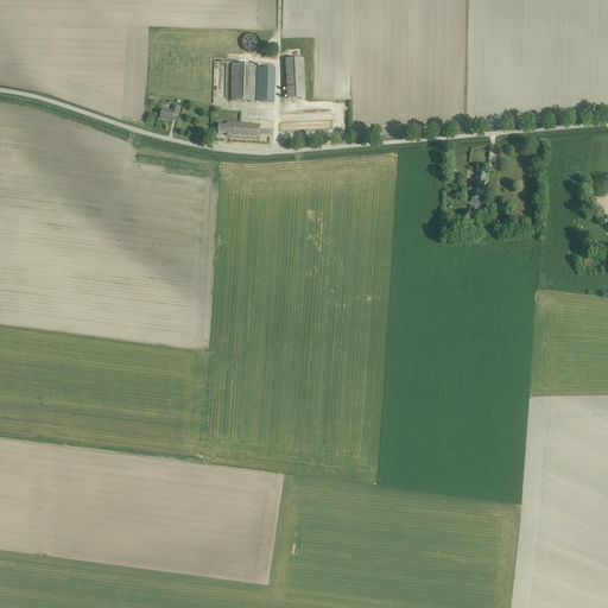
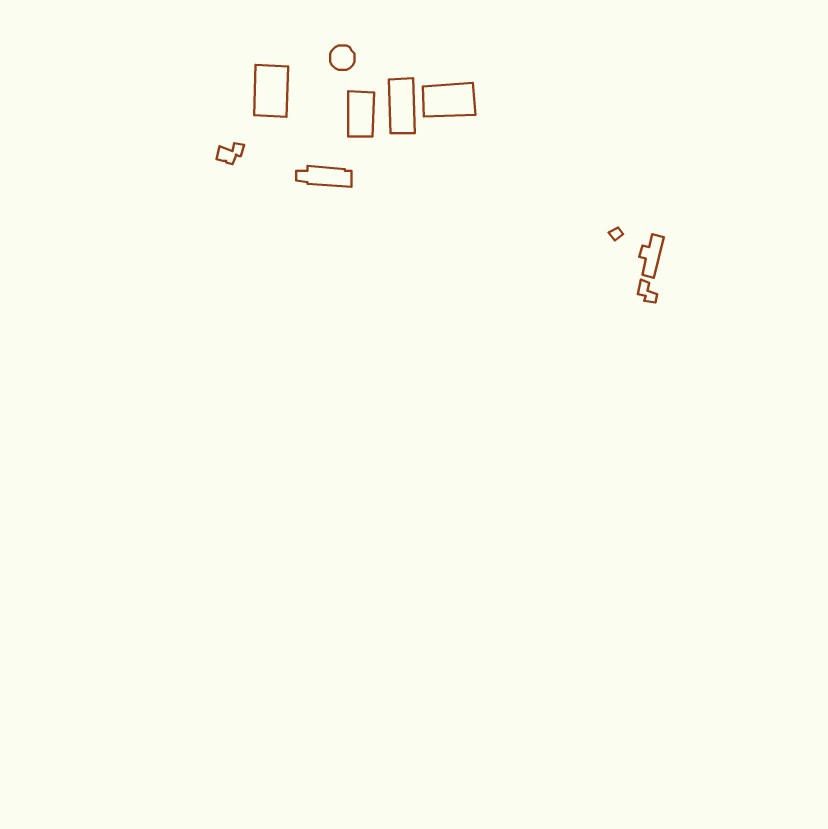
building: none -> [423,83,476,116]
building: [229,62,254,100] -> [254,65,288,117]

